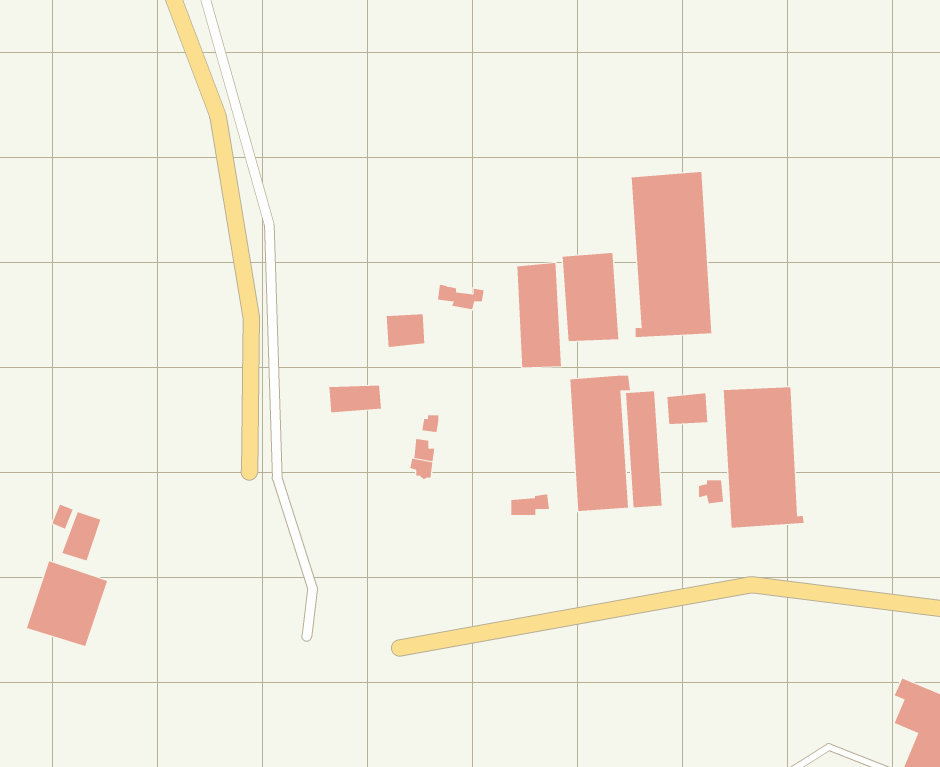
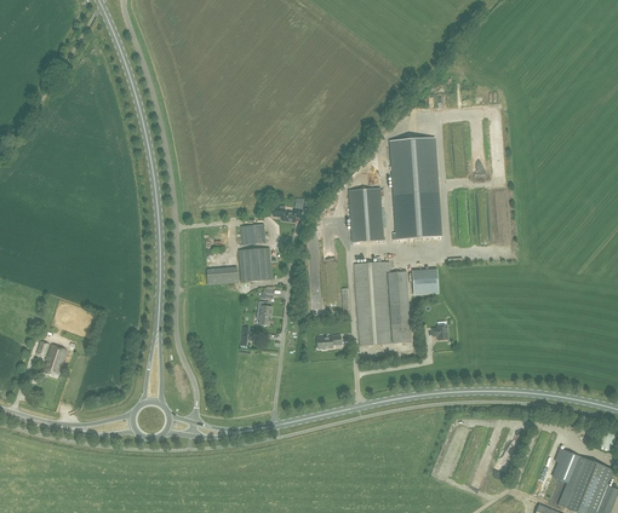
building: [517,262,561,368] -> none
building: none -> [238,247,270,281]
building: [723,387,804,529] -> none
building: [26,561,108,647] -> none

